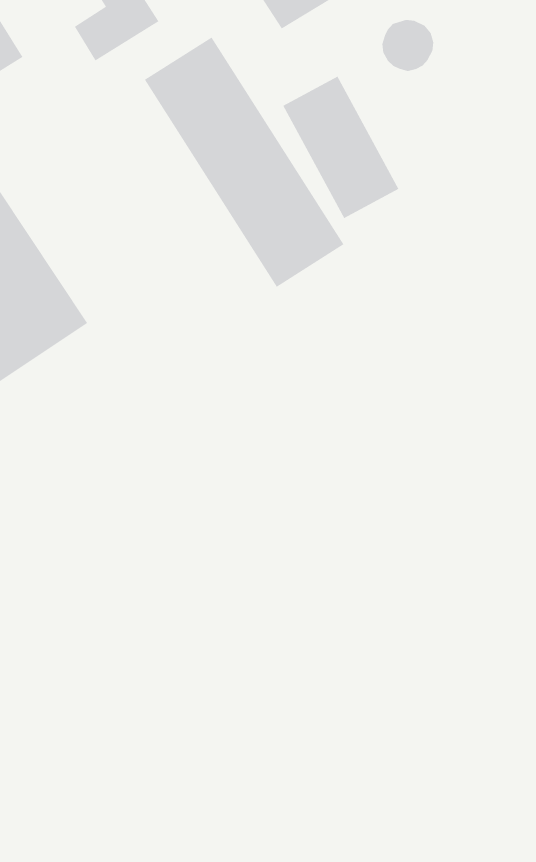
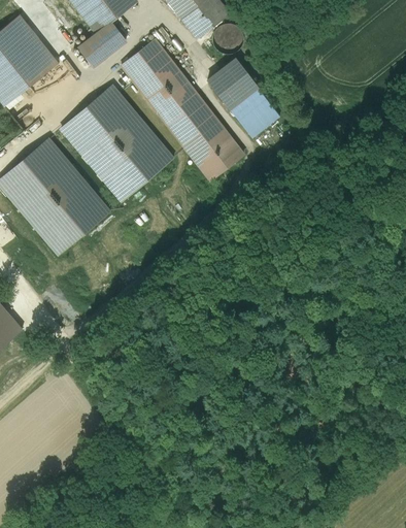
building: [382,19,434,72] -> [216,21,246,51]
building: none -> [57,87,169,202]

